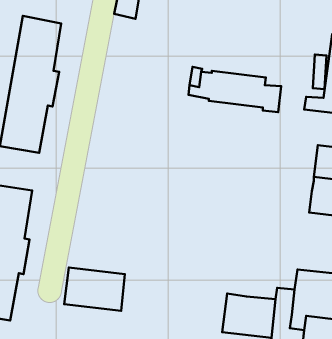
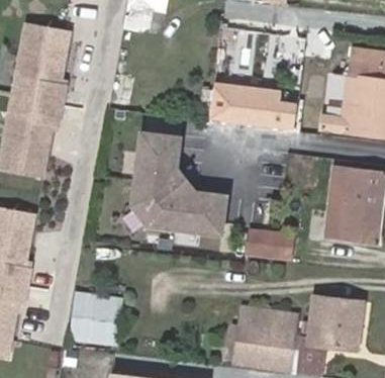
building: none -> [127,131,226,238]
building: none -> [245,232,292,261]
building: none -> [239,303,293,329]

